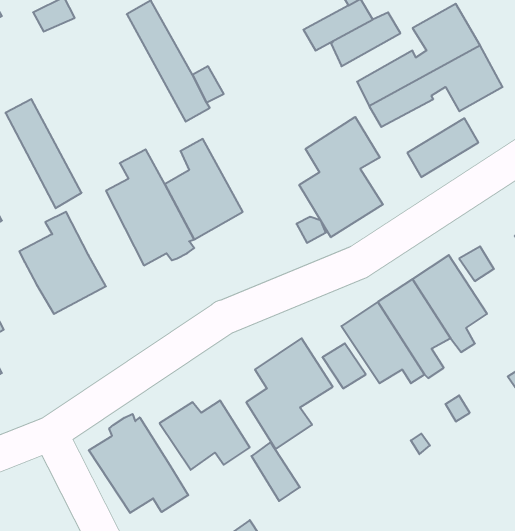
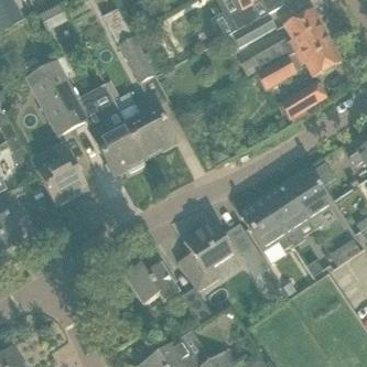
building: none -> [42,58,90,127]
building: [299,117,383,237] -> none
building: [89,414,188,513] -> none

